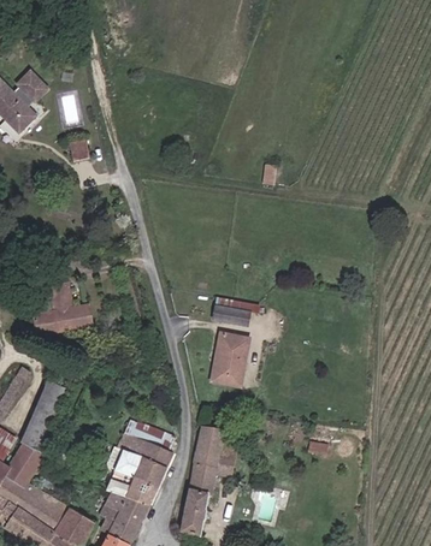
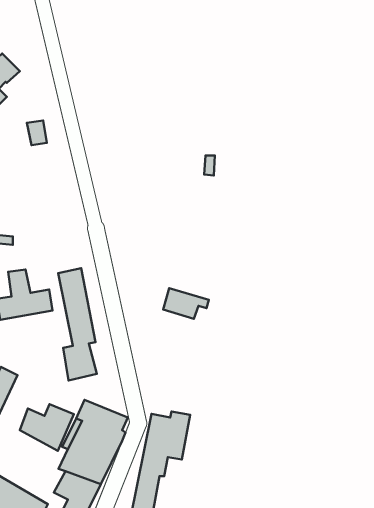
building: none -> [58,268,97,381]
building: [208,340,250,394] -> none
building: none -> [20,404,74,451]

